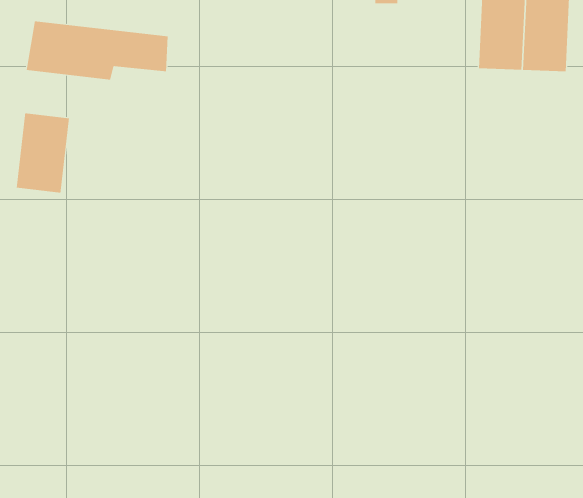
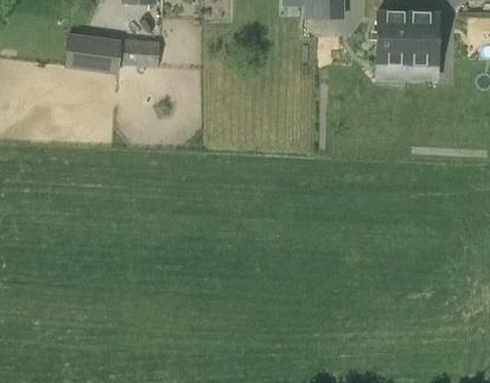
building: [16,112,69,193] -> none

